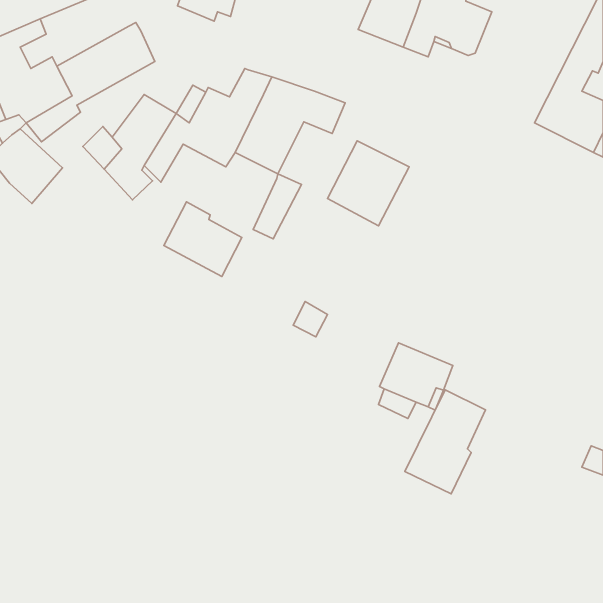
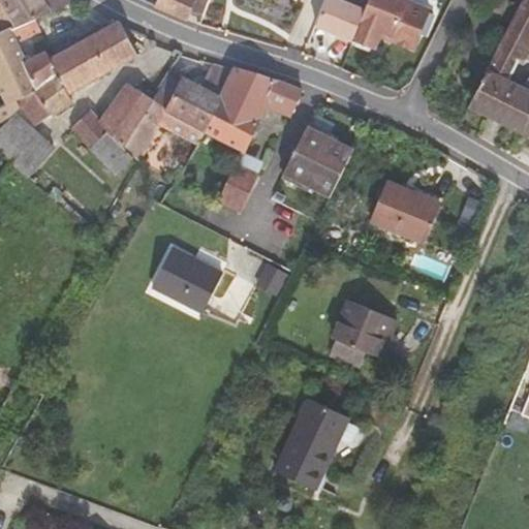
building: [164,202,242,276] -> [152,246,220,311]
building: none -> [371,181,444,243]
building: [405,390,485,494] -> [274,398,344,489]

